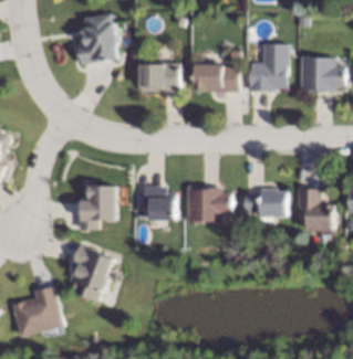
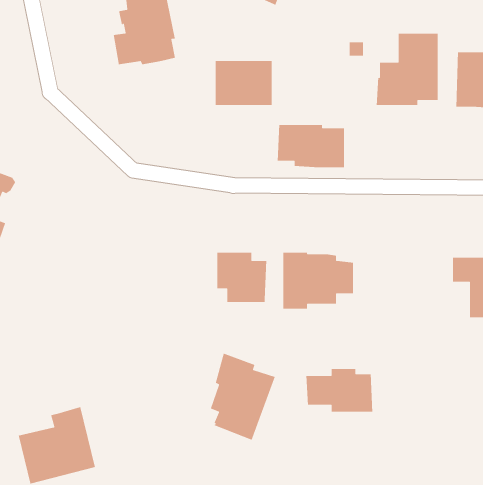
building: [194,63,238,92] -> [277,124,345,168]
building: [79,186,117,229] -> none
building: [243,188,288,217] -> [305,368,373,412]
building: [71,244,114,302] -> [210,353,276,441]

